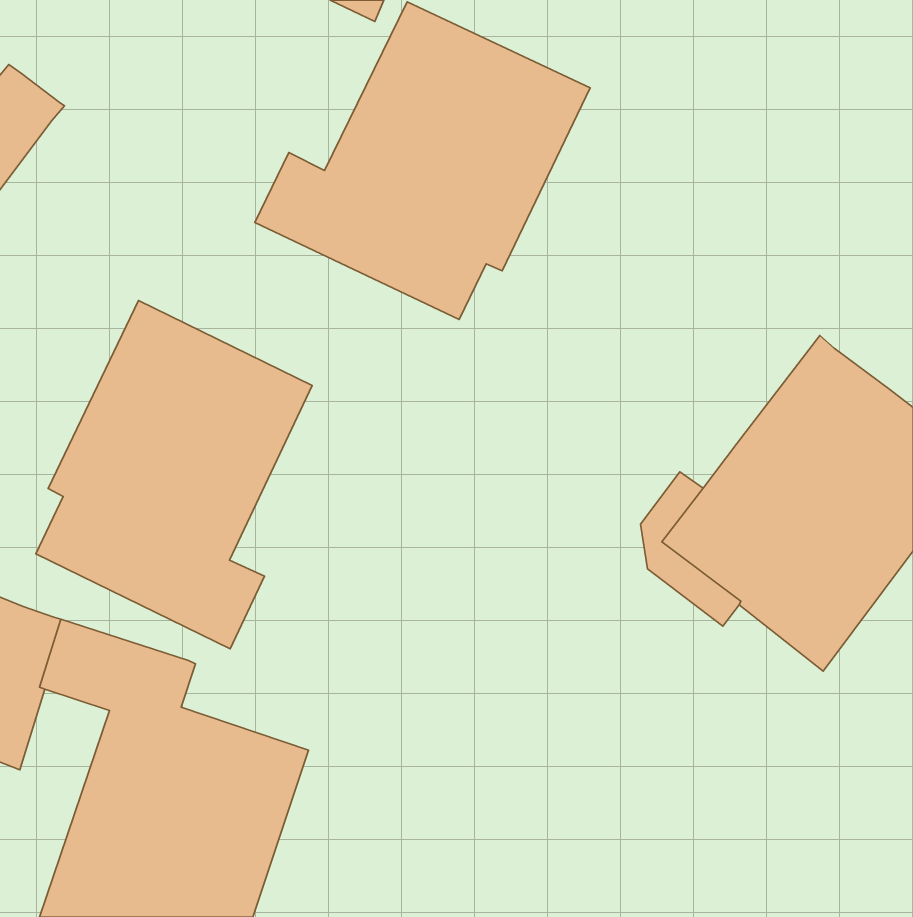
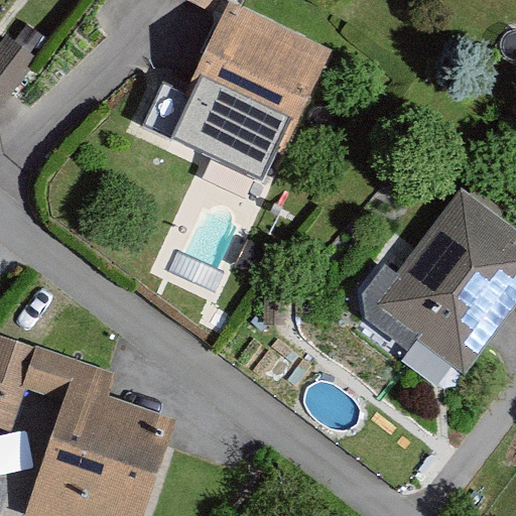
building: [36,300,312,649] -> none

